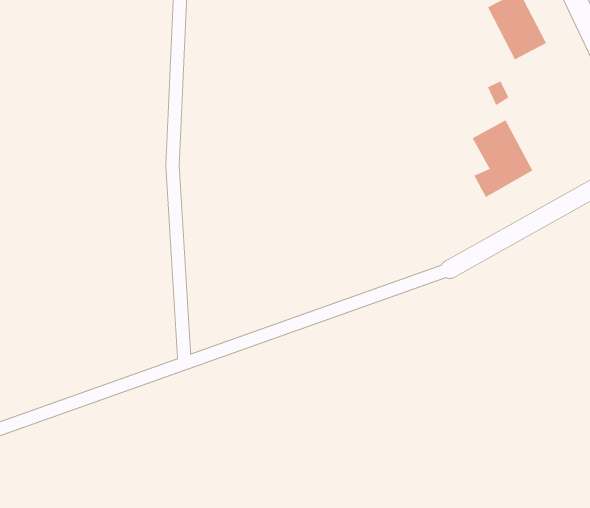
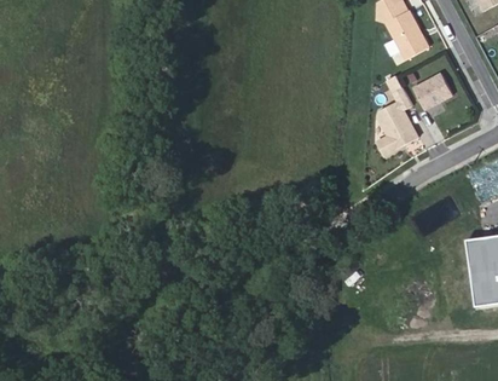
building: none -> [415,75,453,111]

